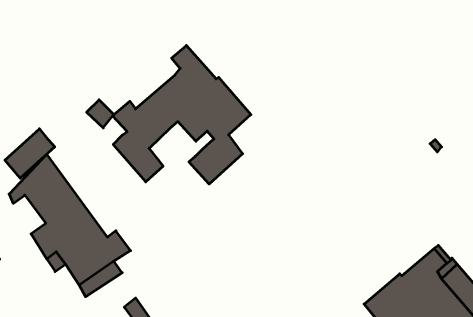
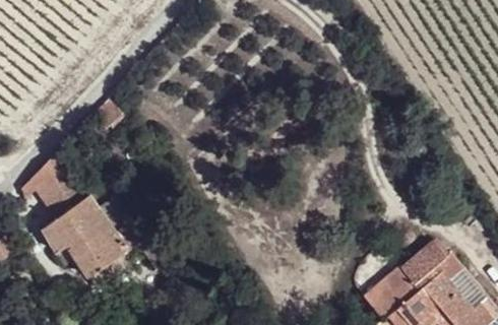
building: [113,45,251,184] -> none
building: [5,129,55,178] -> none

